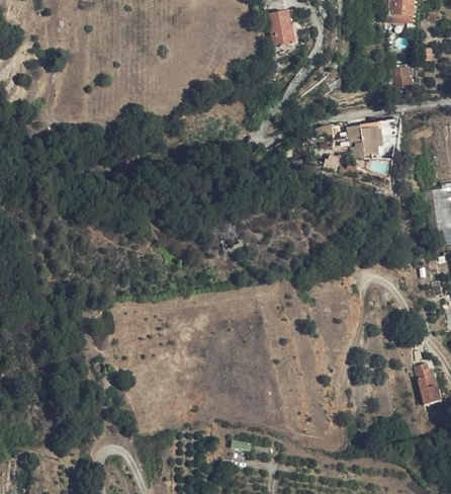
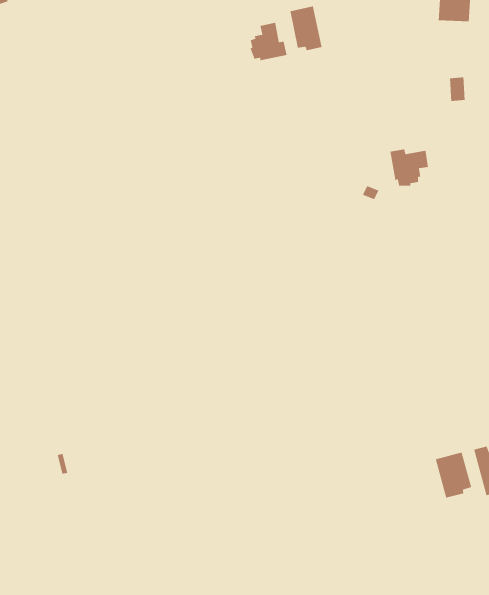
building: none -> [249,22,287,61]
building: none -> [435,451,472,499]

